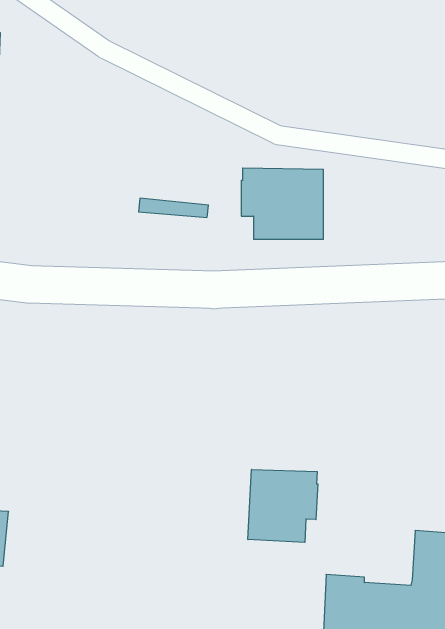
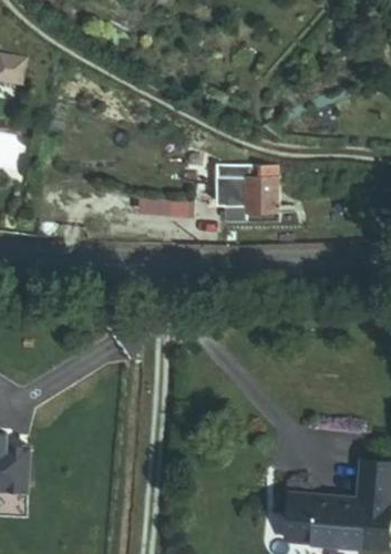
building: [248,469,318,542] -> none

